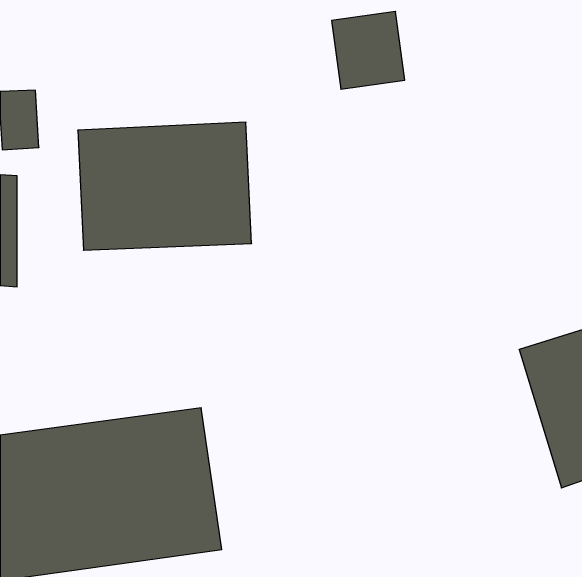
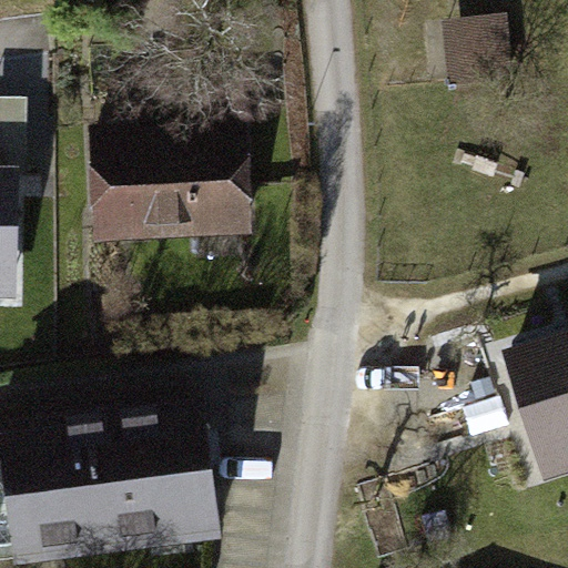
building: [332,11,405,89] -> [437,21,508,97]

